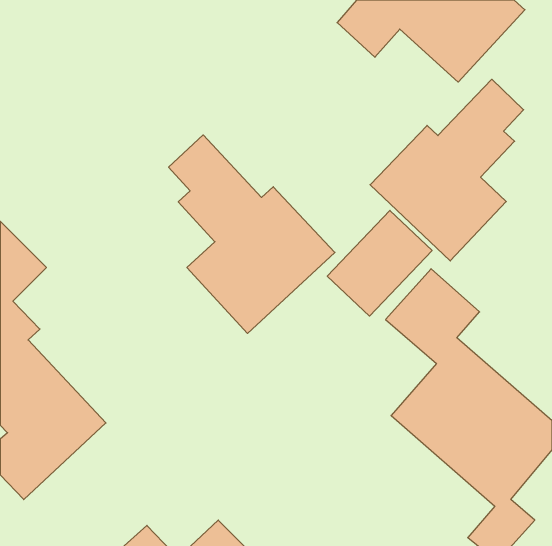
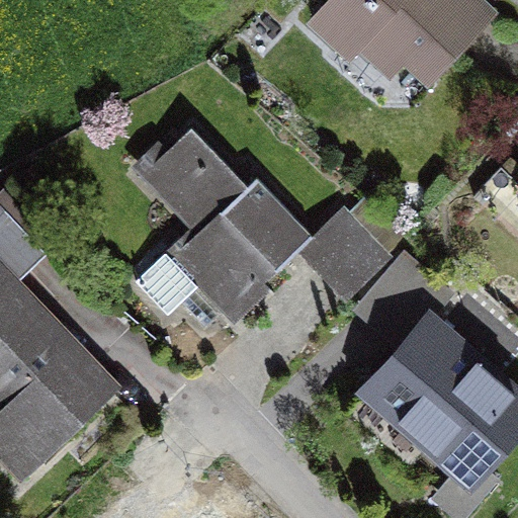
building: [370,79,524,261] -> none

